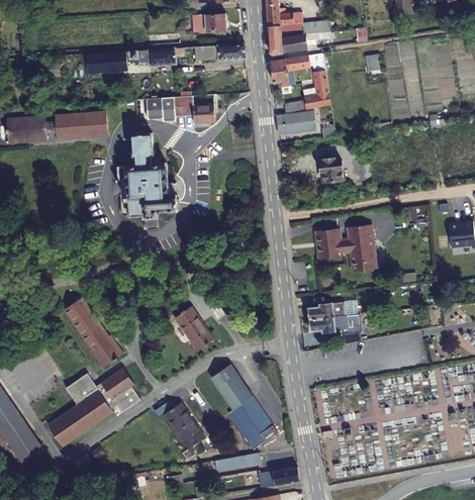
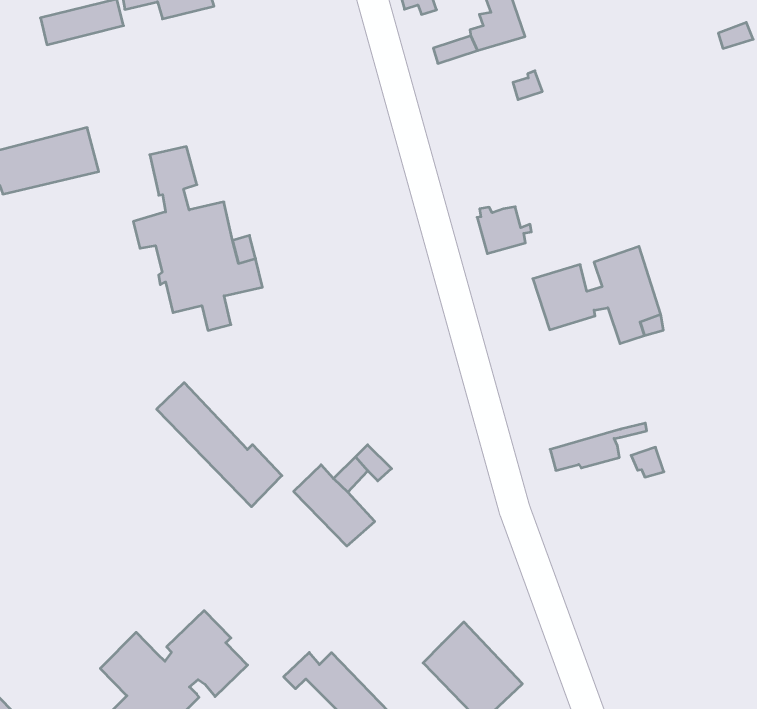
building: [147,95,218,124] -> none
building: [276,111,315,134] -> none
building: [321,159,348,182] -> [477,207,531,254]
building: [65,296,122,365] -> [157,383,282,507]
building: [307,299,346,317] -> none
building: [208,365,250,410] -> none

